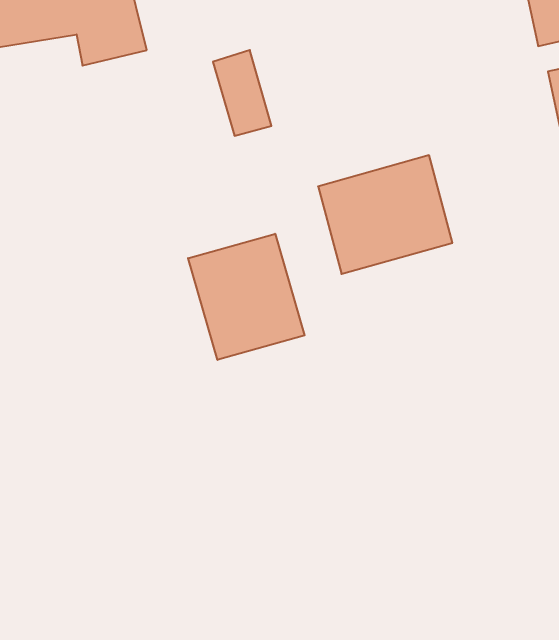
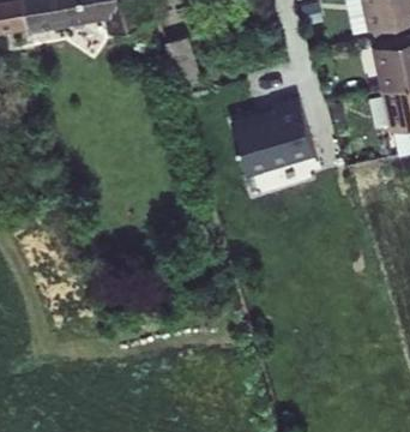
building: [188,234,305,360] -> none

